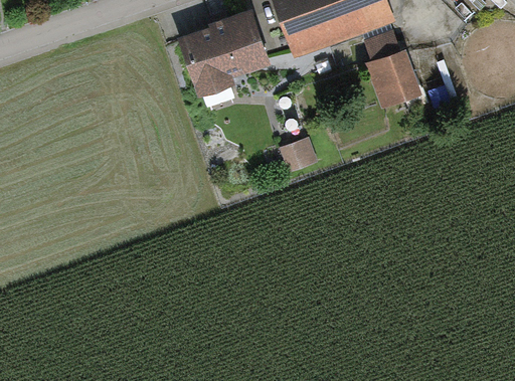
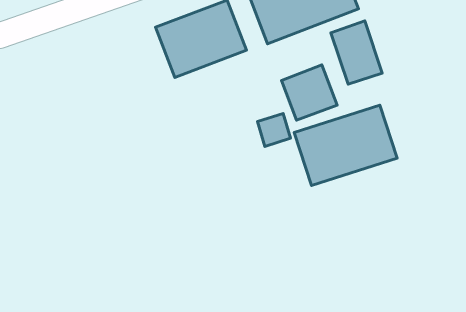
building: none -> [282,65,337,120]
building: none -> [294,105,397,186]

